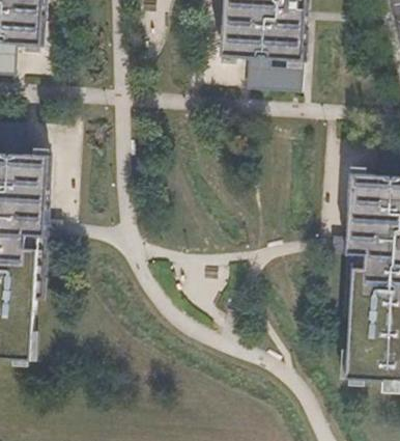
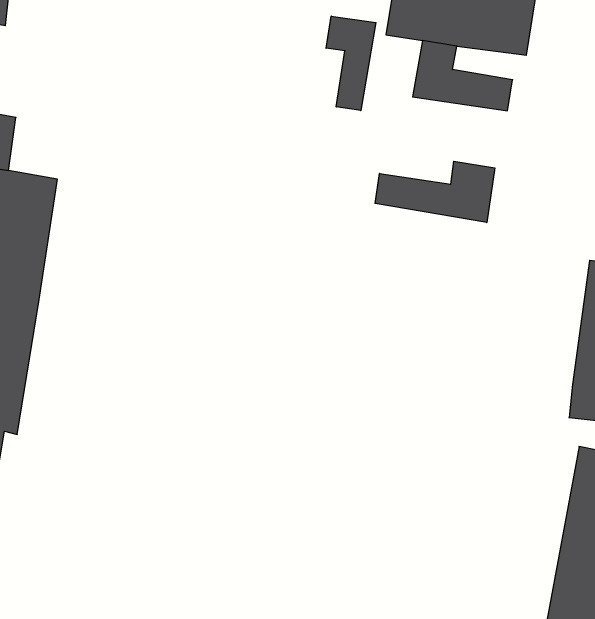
building: none -> [326,16,376,111]
building: none -> [375,161,495,223]

